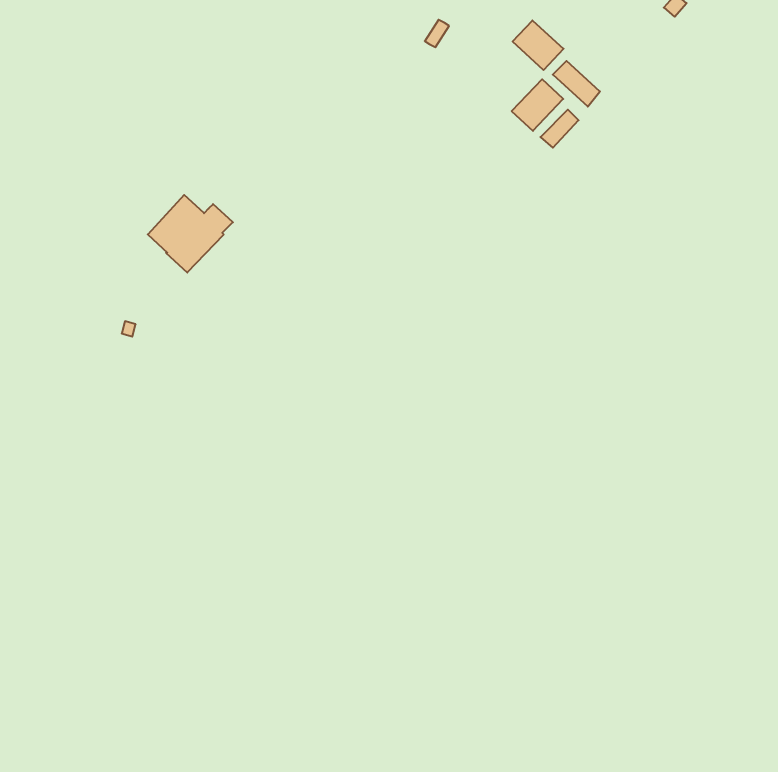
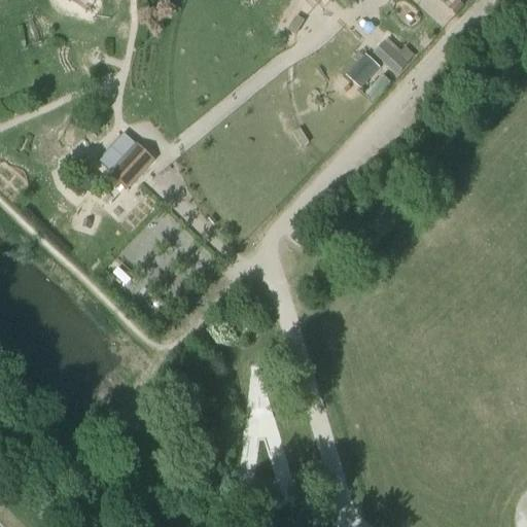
building: [513,20,564,70] -> none

